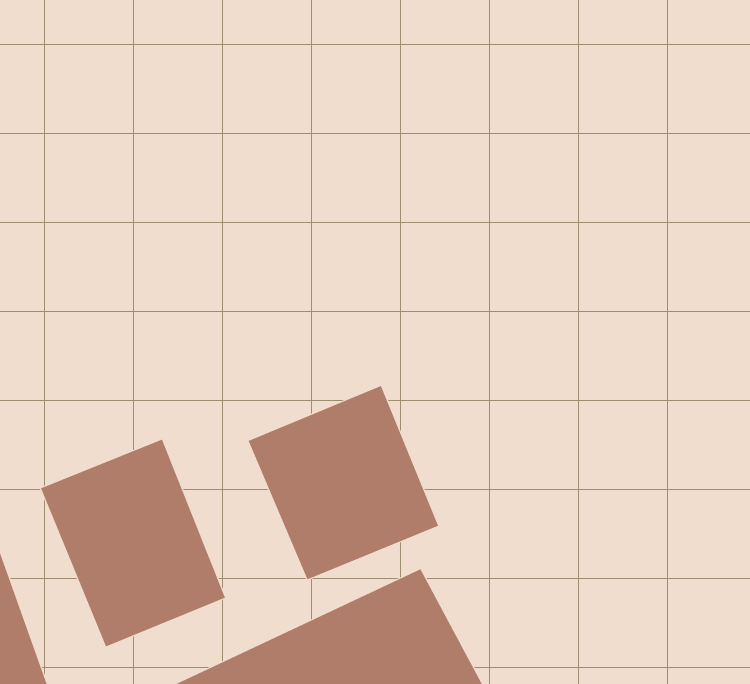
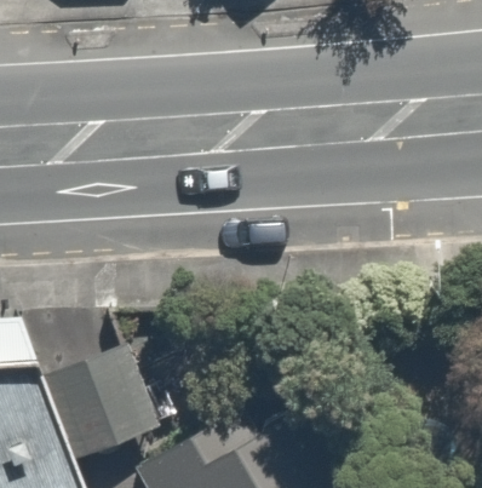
building: [248,385,439,580] -> none

